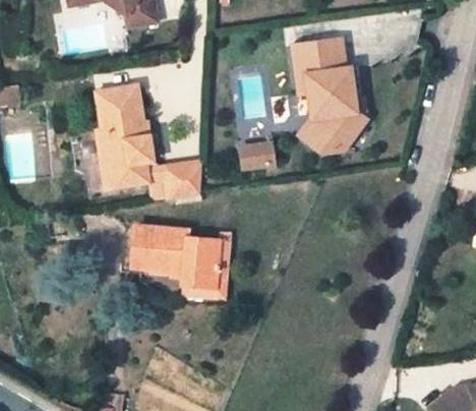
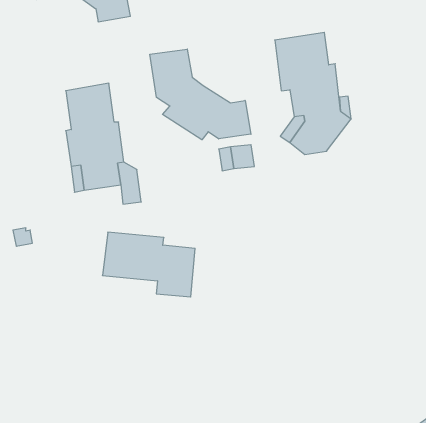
building: none -> [150,49,251,140]
building: [164,162,202,199] -> none
building: [181,234,229,298] -> none

